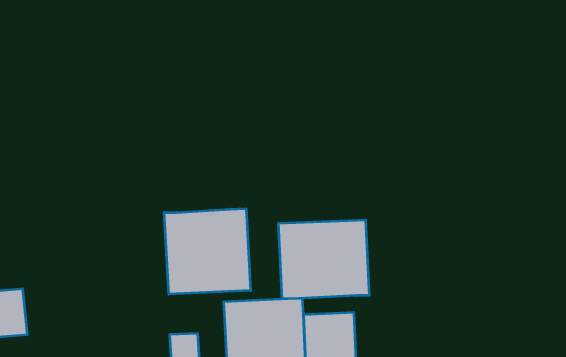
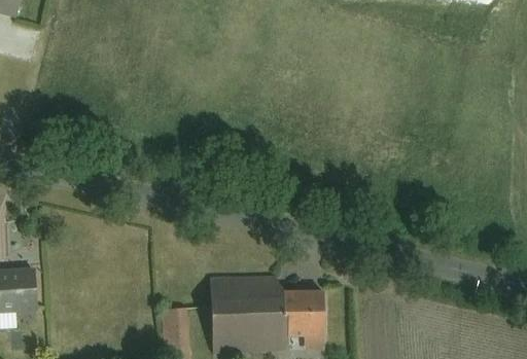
building: [164,209,251,294] -> none
building: [279,220,369,299] -> none

